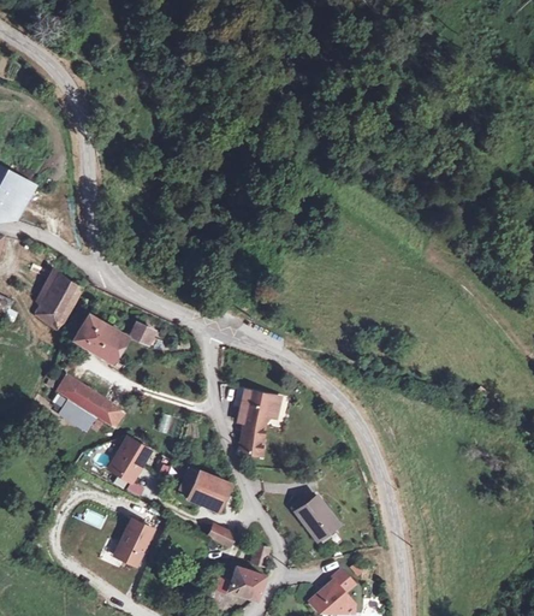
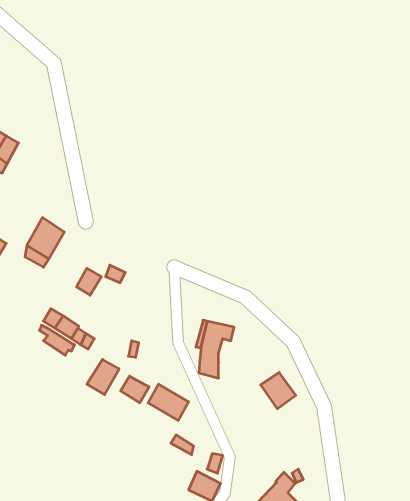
building: [76,318,109,351] -> none
building: none -> [121,376,149,403]
building: [297,492,338,534] -> [261,372,296,409]
building: [115,521,153,567] -> none

